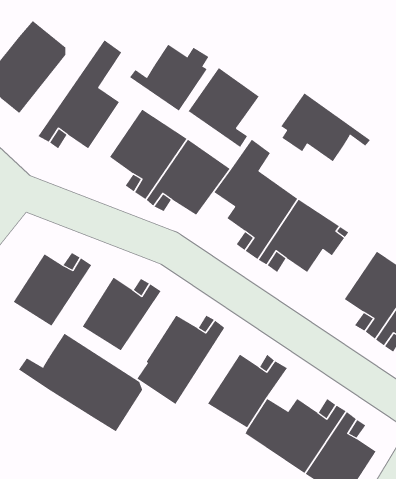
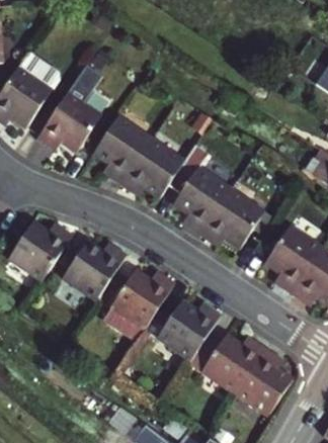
building: [129,44,209,111] -> none
building: [188,67,260,148] -> none
building: [280,93,371,162] -> none
building: [18,333,143,432] -> none

